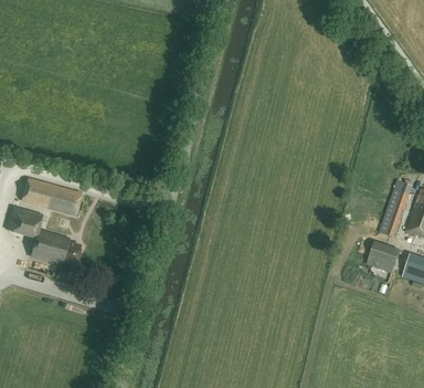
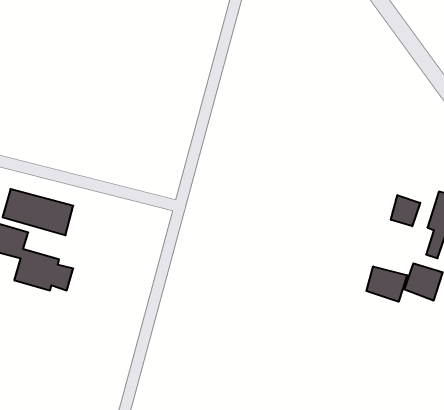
building: none -> [391,195,420,226]
building: none -> [366,266,407,302]

